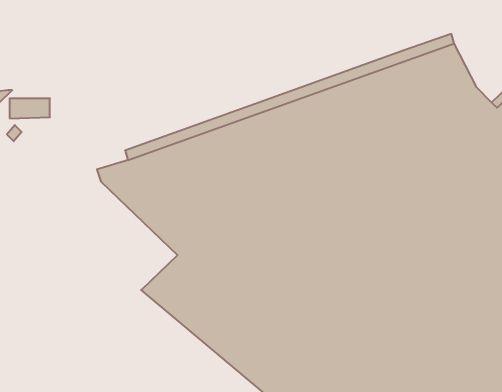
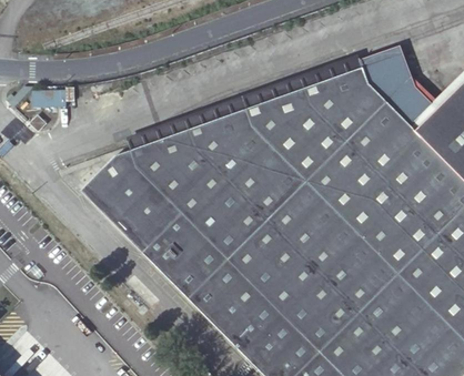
building: none -> [81,167,172,257]

